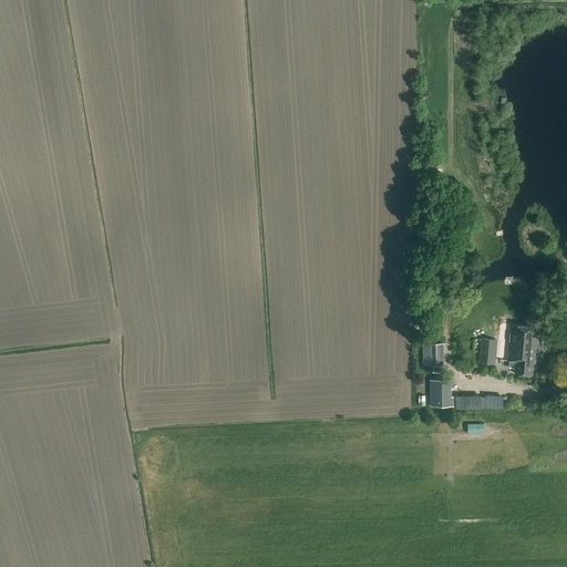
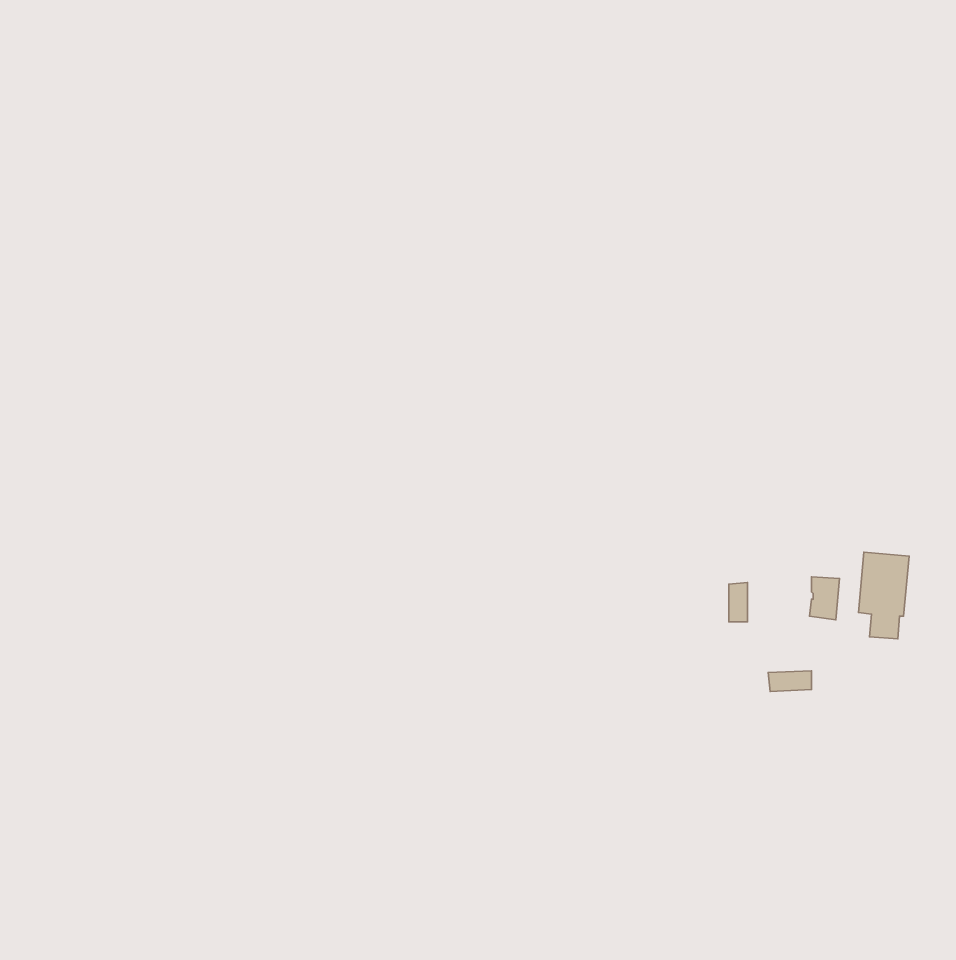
building: [427,381,452,406] -> none

